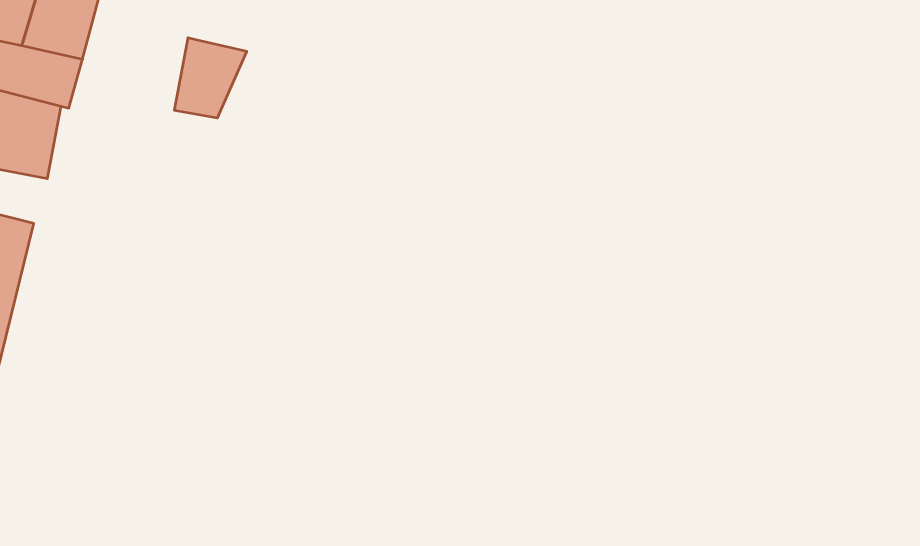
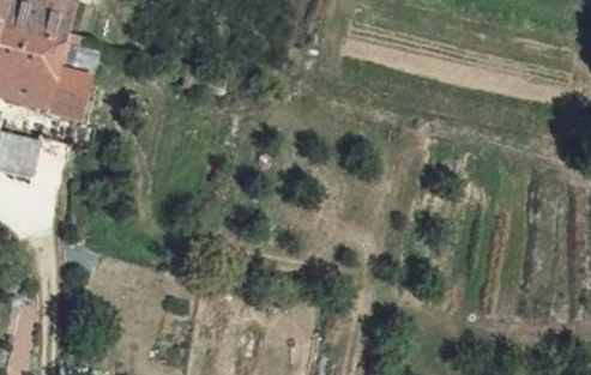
building: [174,38,247,118] -> [46,67,90,116]

